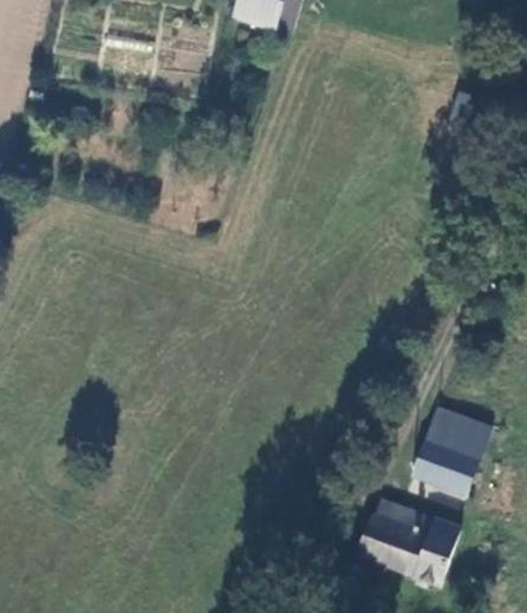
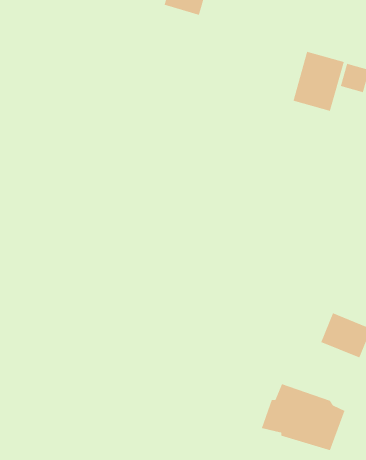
building: none -> [292,51,345,112]
building: [413,445,477,498] -> none

